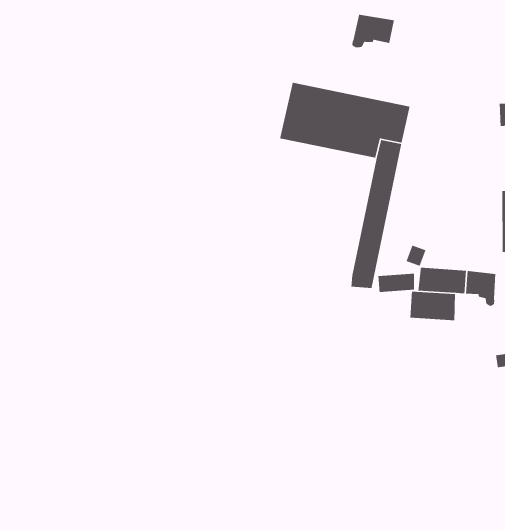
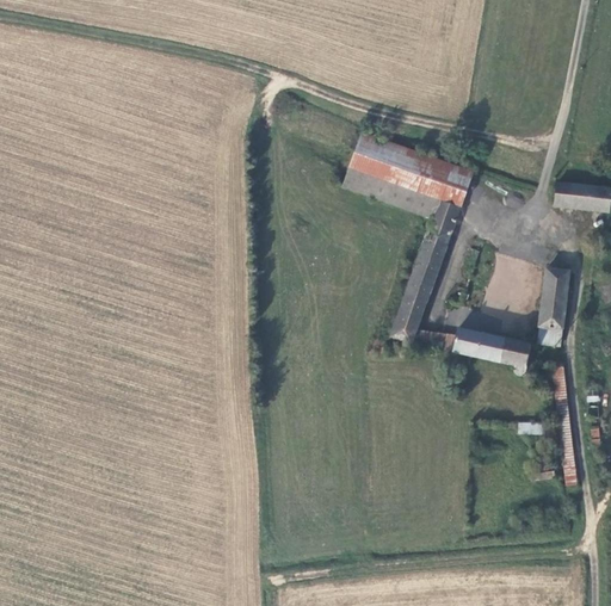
building: [351,14,395,48] -> none
building: [409,291,456,321] -> none

